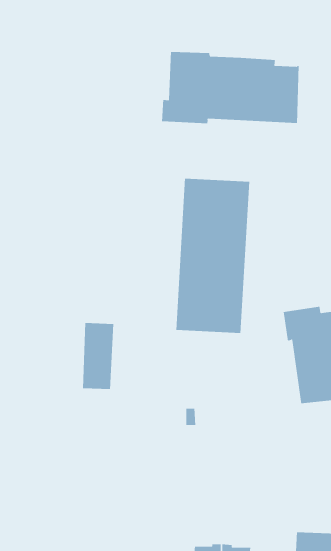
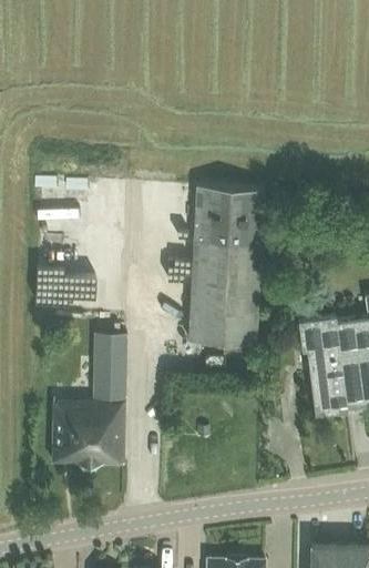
building: [162,51,299,124] -> none
building: none -> [50,398,124,471]

